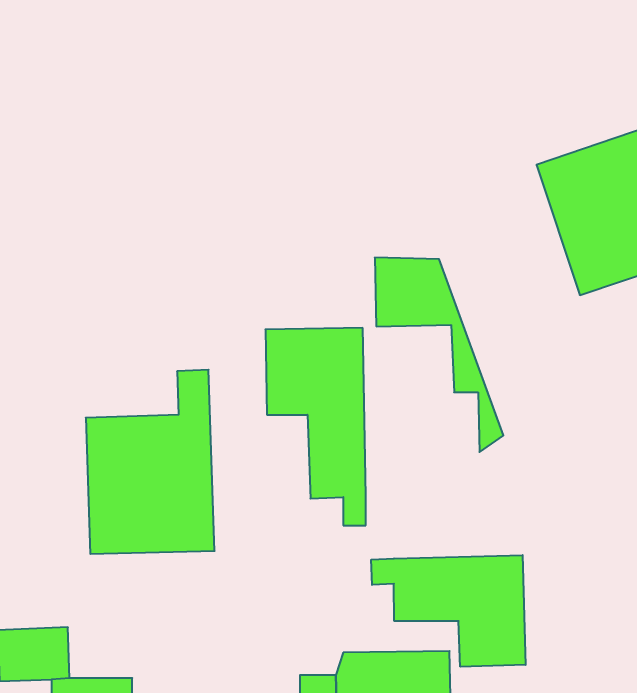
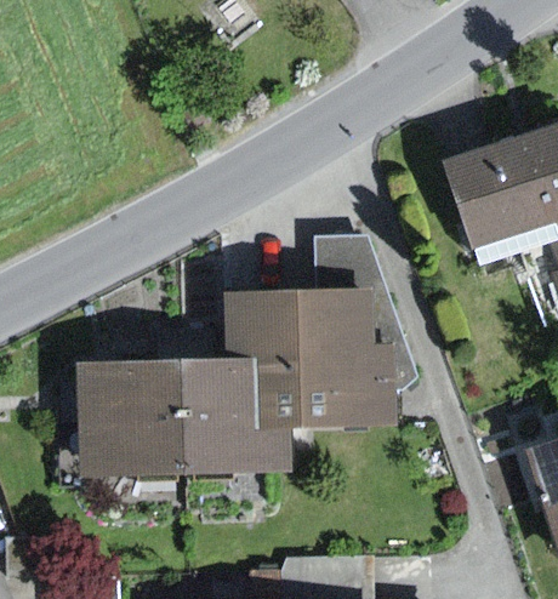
building: none -> [303,291,399,429]
building: none -> [178,326,289,474]
building: [371,555,526,667] -> none

